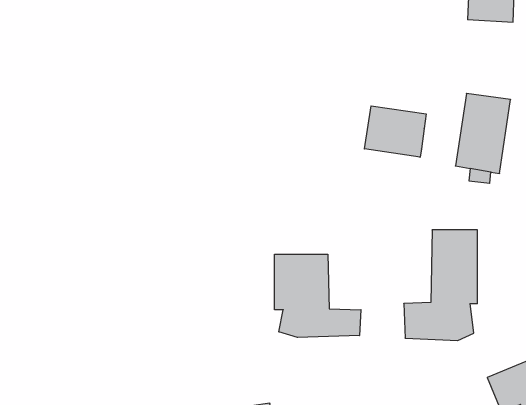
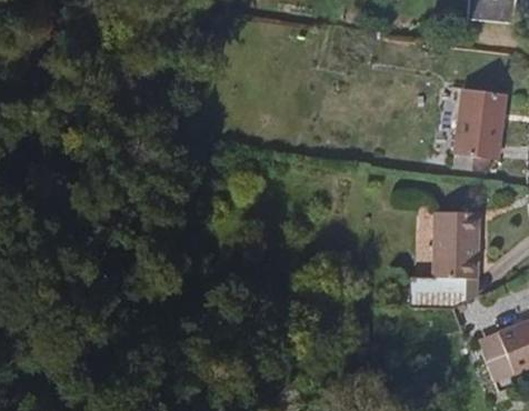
building: [364,106,426,157] -> none
building: [275,254,361,337] -> none

